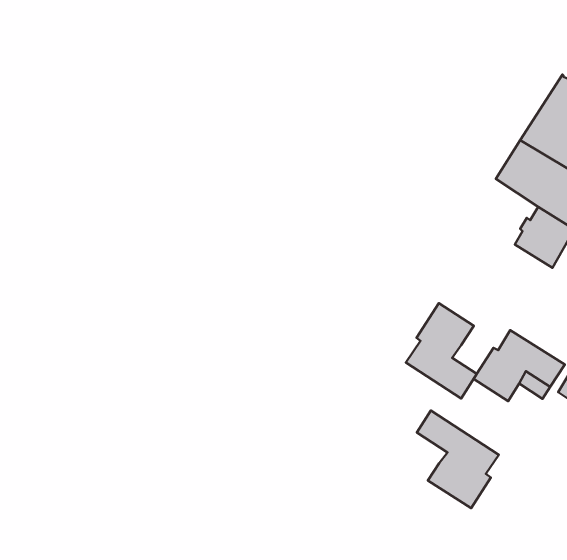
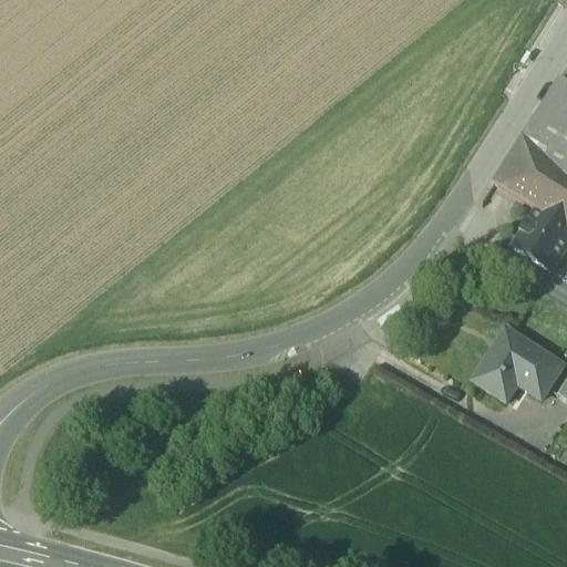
building: [406,303,477,399] -> none
building: [417,411,499,508] -> none

